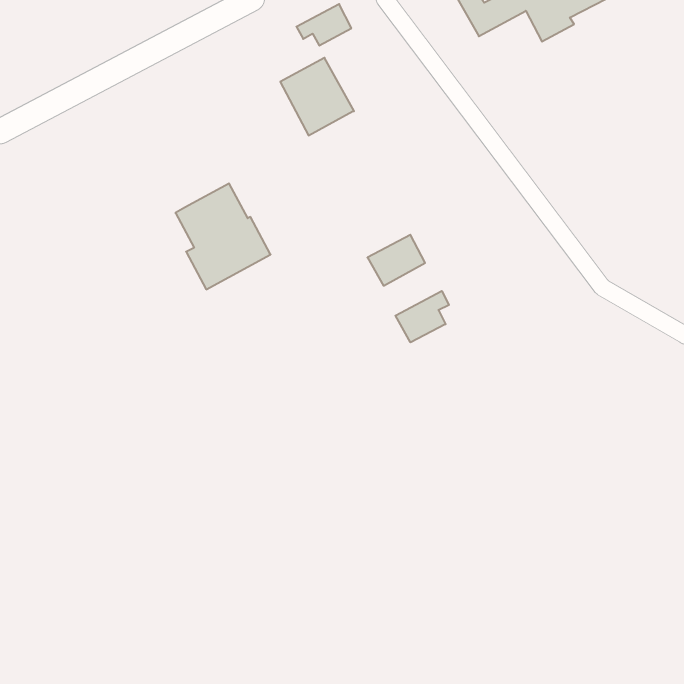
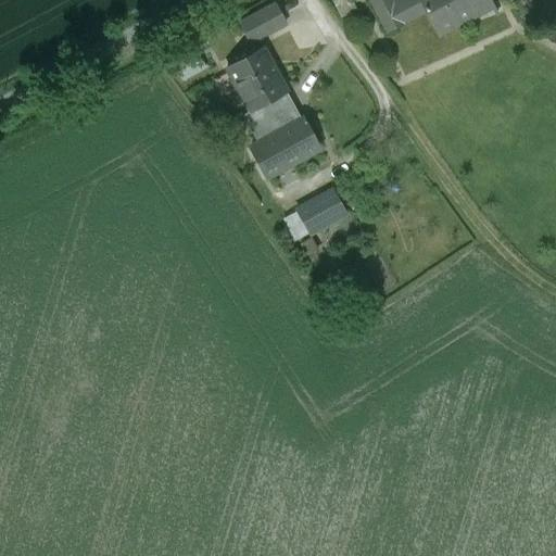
building: [175,183,271,289] -> [243,90,320,176]
building: [395,291,449,342] -> none

